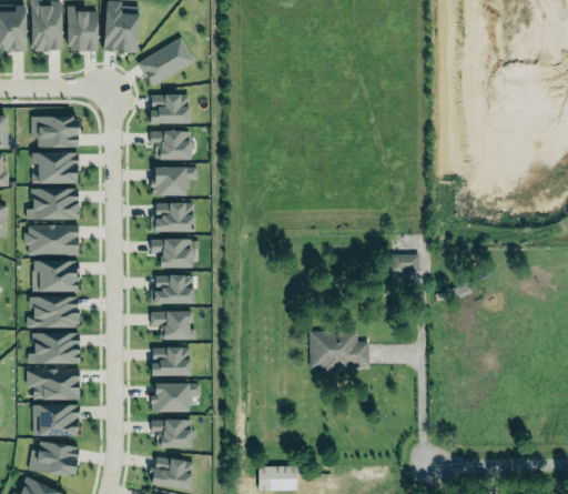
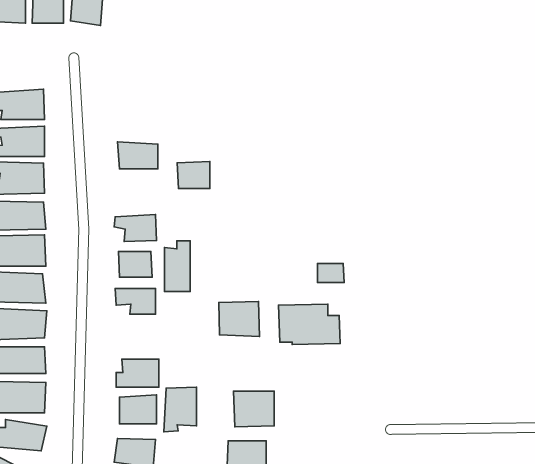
building: [138,40,191,84] -> none
building: [150,93,189,122] -> none
building: [152,132,191,159] -> none
building: [156,204,189,231] -> [177,162,210,188]
building: [396,252,423,271] -> [317,264,344,283]
building: none -> [164,241,190,292]
building: none -> [219,301,259,337]
building: [151,349,191,375] -> none
building: none -> [164,387,197,432]
building: none -> [233,391,274,427]

